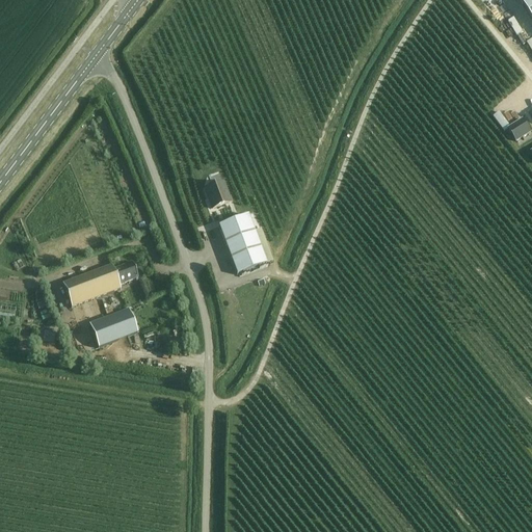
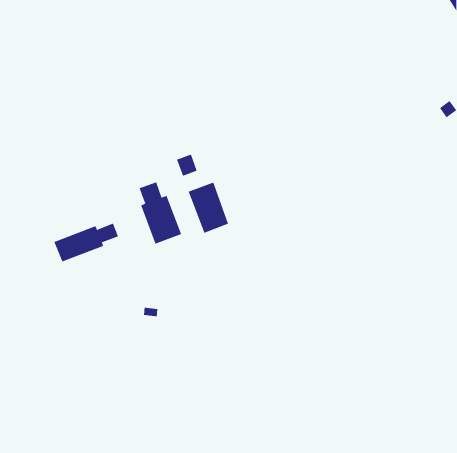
building: none -> [139,182,182,245]
building: [89,305,137,344] -> none

